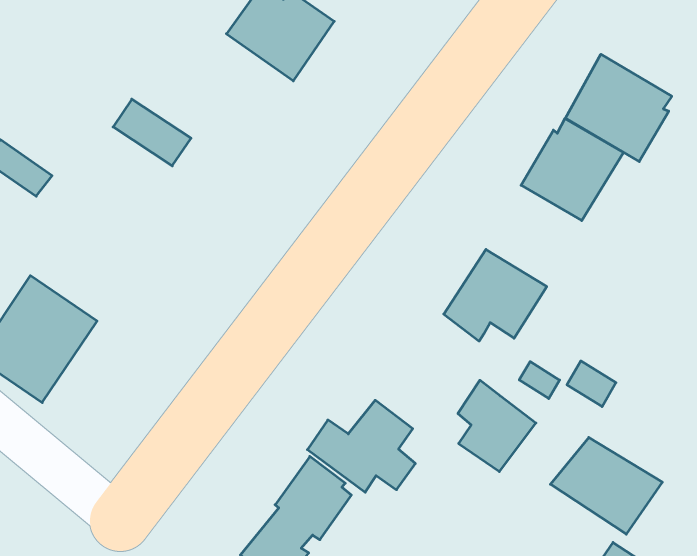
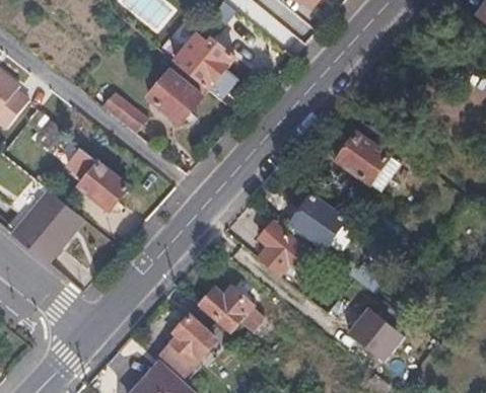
building: none -> [147,70,203,124]
building: [566,54,672,162] -> none
building: none -> [65,149,129,210]
building: [458,380,536,472] -> [259,221,304,274]

